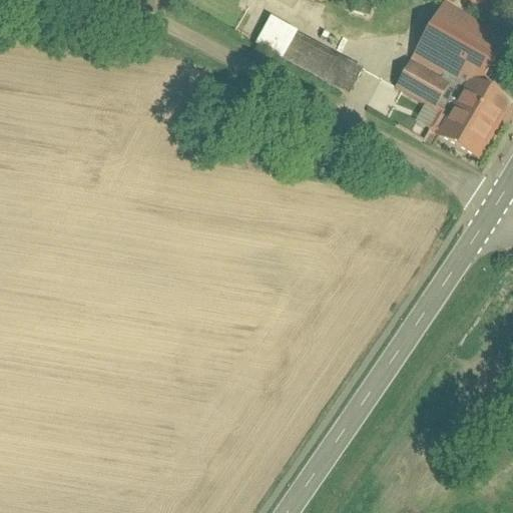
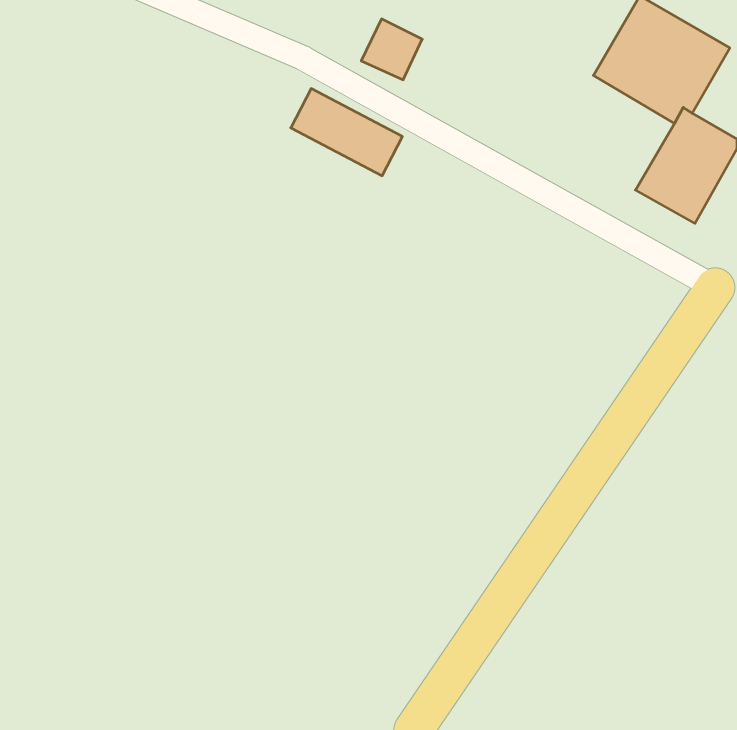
building: [286,33,363,93] -> [291,89,402,176]
building: [398,58,452,106] -> none

